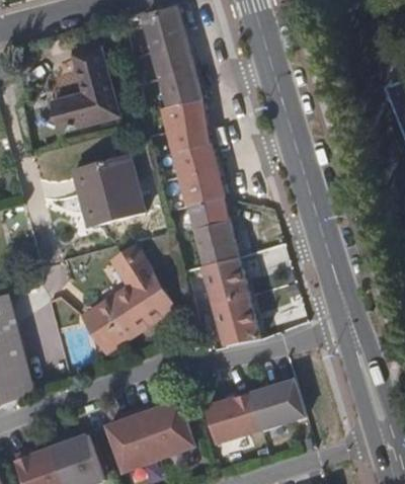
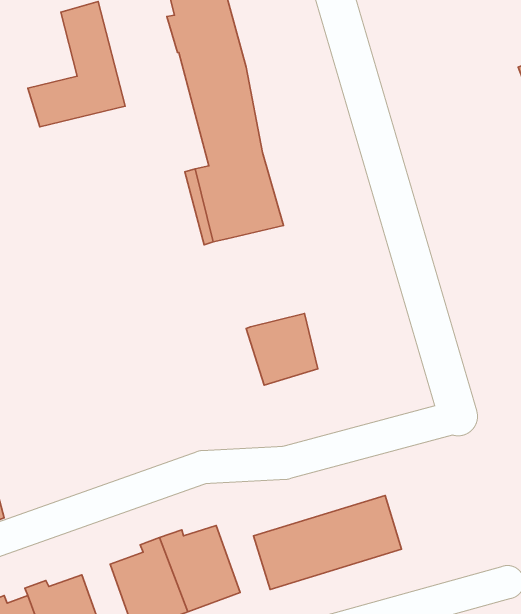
building: [75,155,145,227] -> none
building: [186,196,239,265] -> none
building: [82,247,173,352] -> none
building: [212,294,262,346] -> none

